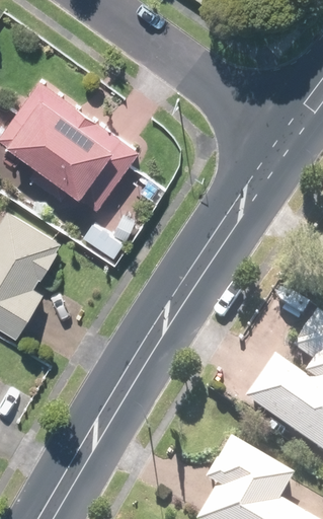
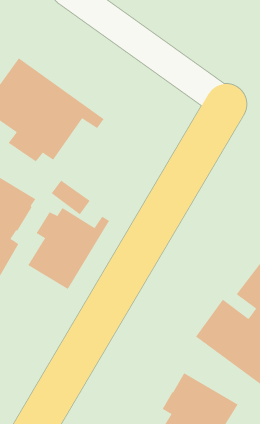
building: none -> [27,207,110,290]

